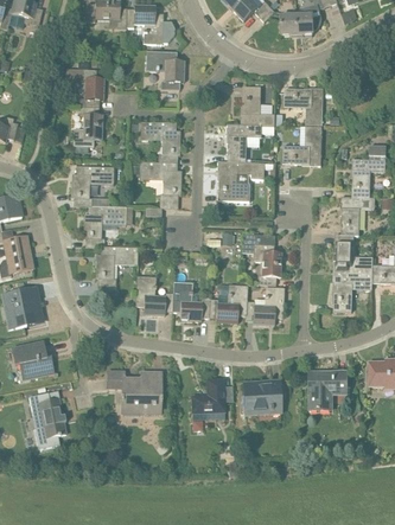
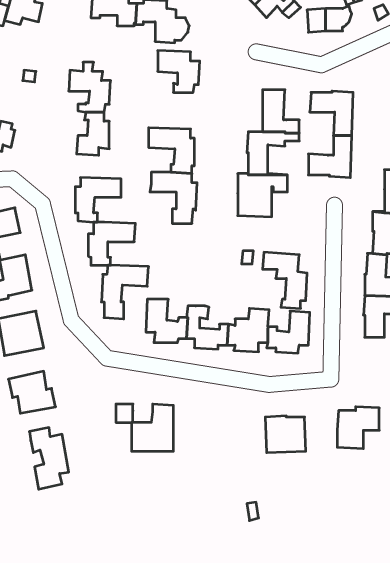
building: [192,378,223,418] -> none

